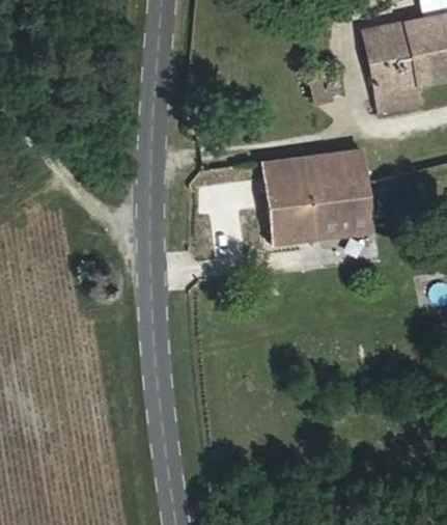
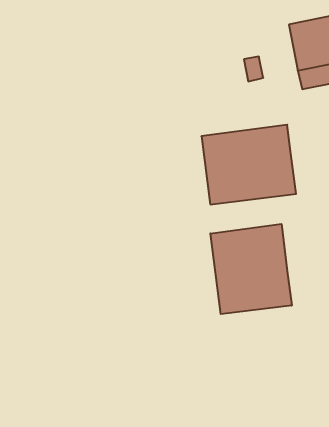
building: none -> [210,224,292,314]

